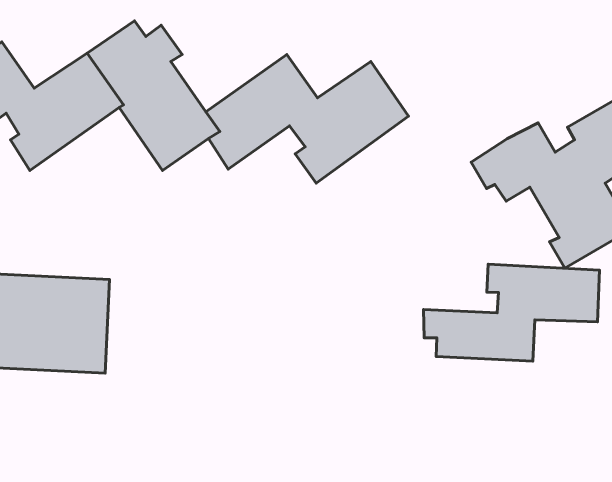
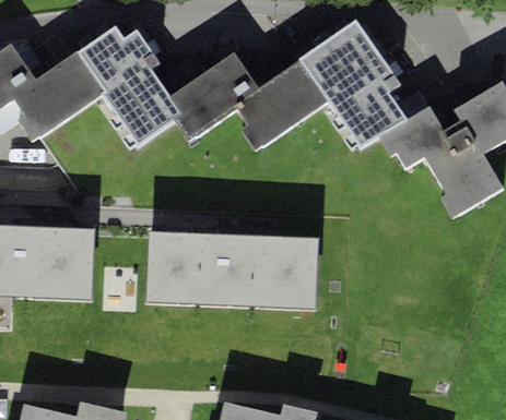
building: none -> [299,19,407,147]
building: [424,264,599,361] -> none
building: none -> [145,229,318,308]

